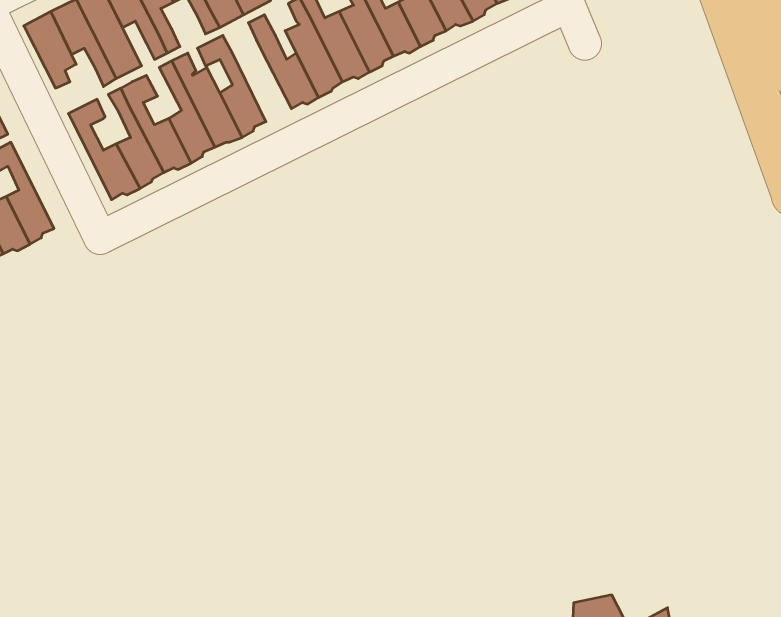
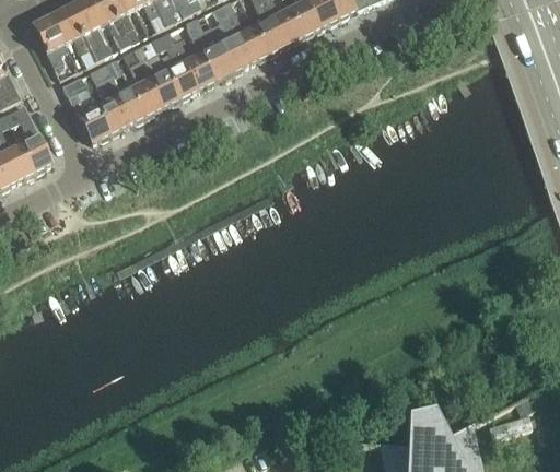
building: none -> [174,38,214,90]

